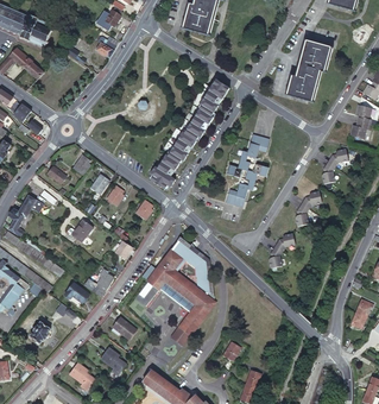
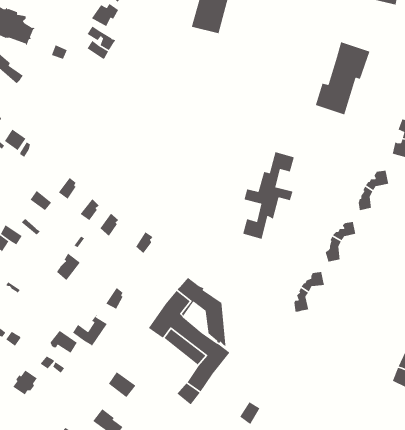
building: [149,80,228,189] -> none

